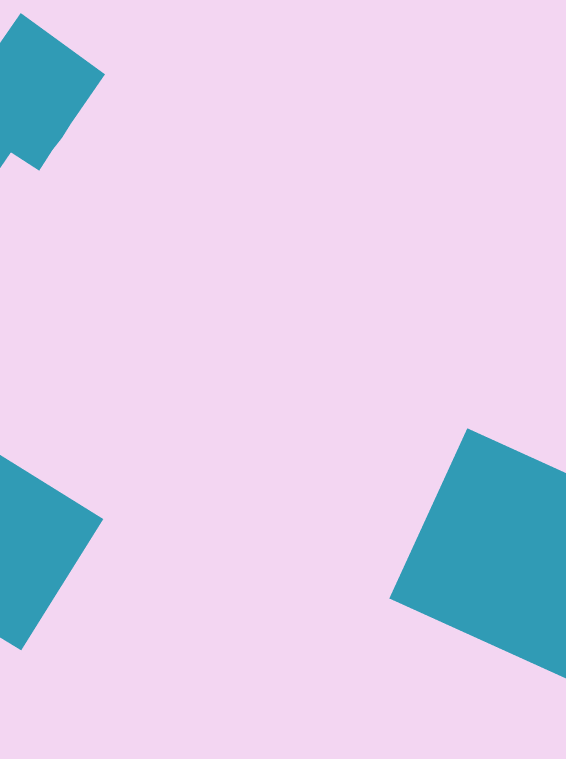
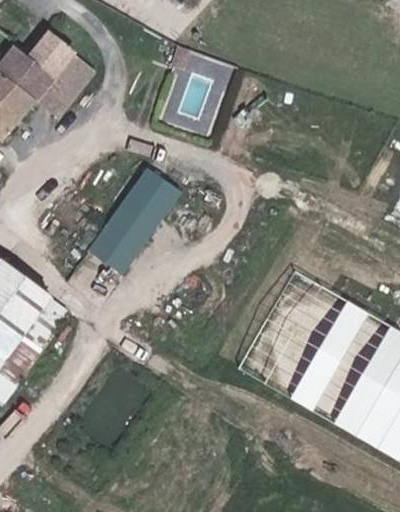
building: none -> [90,168,176,279]

